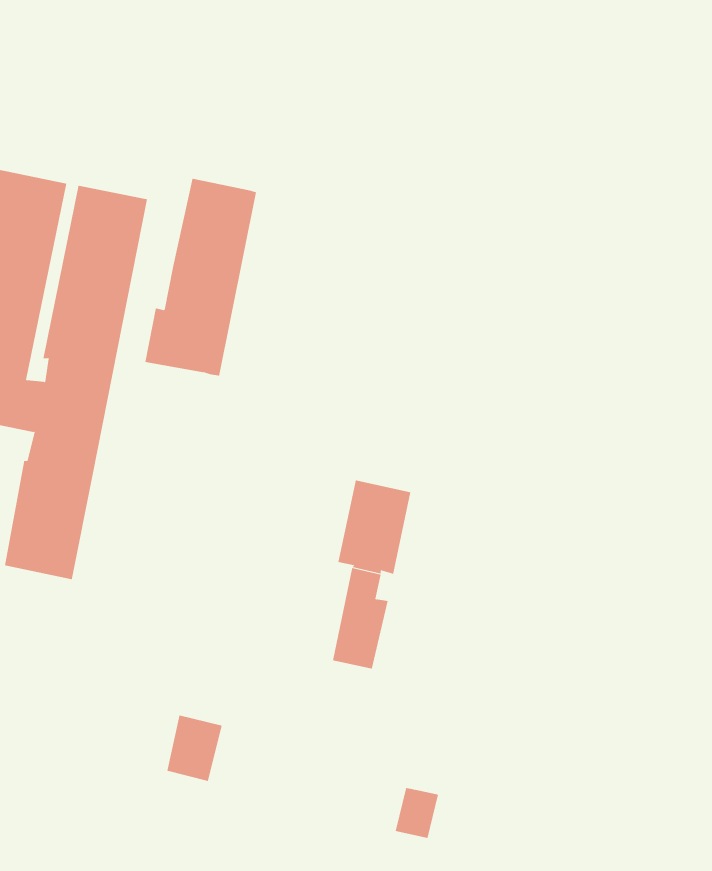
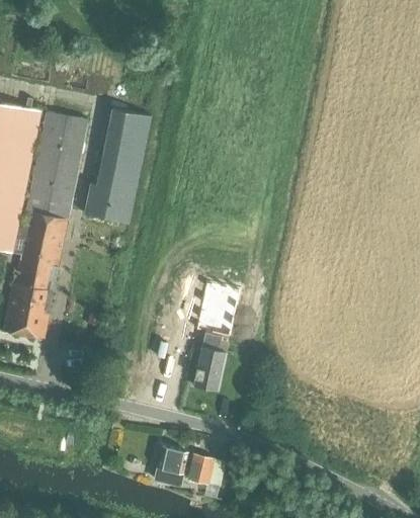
building: [166,715,223,781] -> [155,448,187,487]
building: [395,788,439,838] -> [187,455,213,485]

